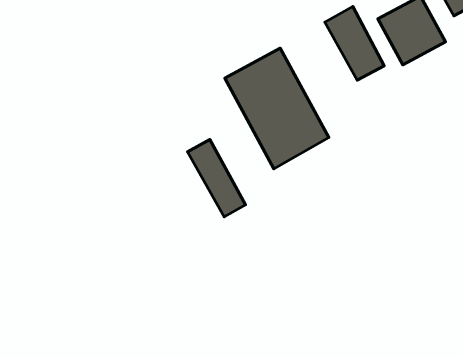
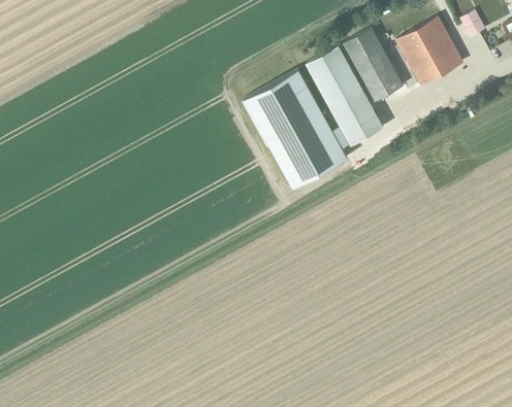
building: none -> [306,46,382,146]
building: [187,140,245,217] -> none

